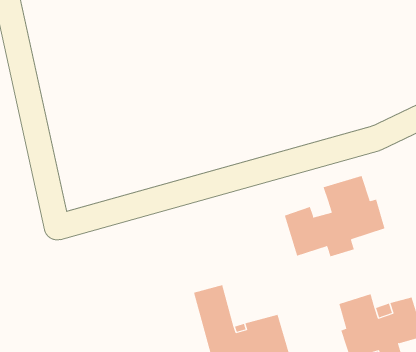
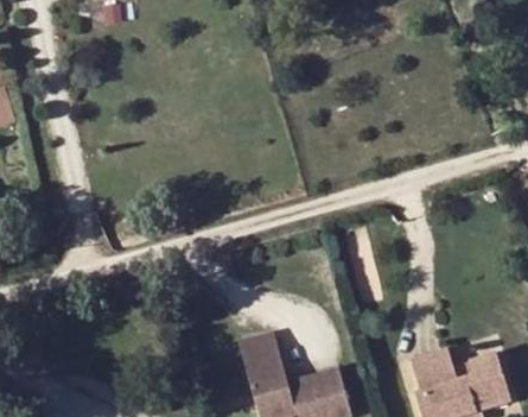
building: [284,175,385,257] -> none

